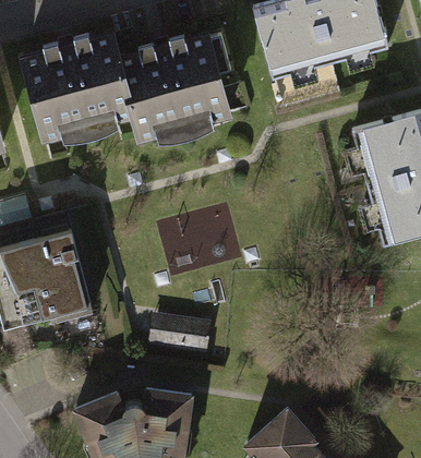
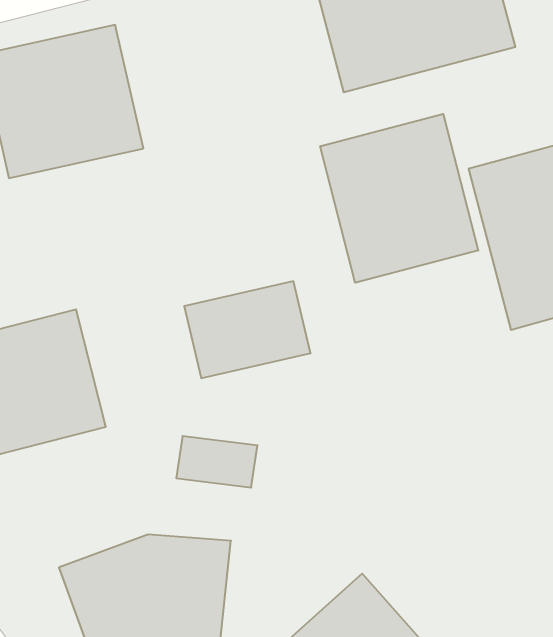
building: [118,29,230,134] -> none
building: none -> [320,114,478,283]

